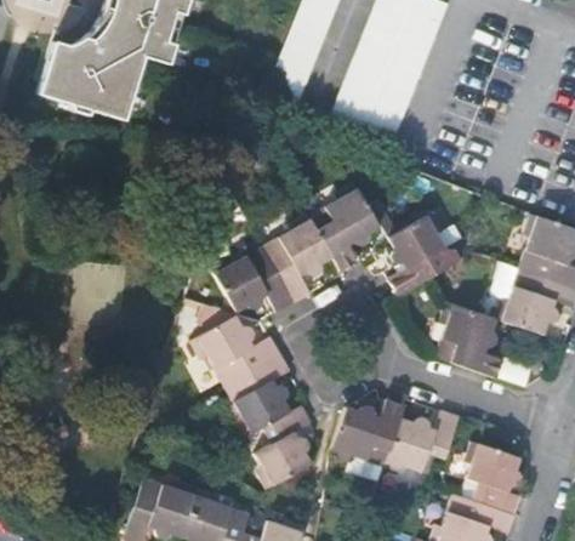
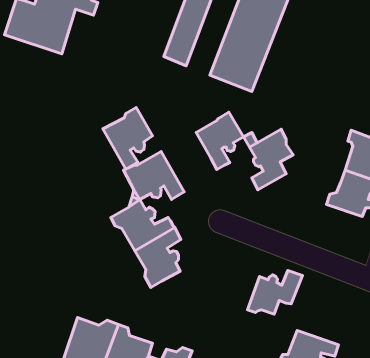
building: [261,212,331,300] -> [103,107,152,169]
building: [437,302,501,380] -> none
building: [332,399,405,467] -> none
building: [257,405,308,486] -> none
building: [467,439,522,517] -> none

